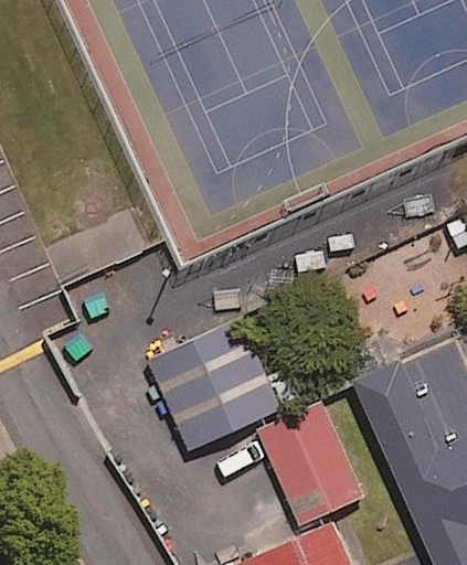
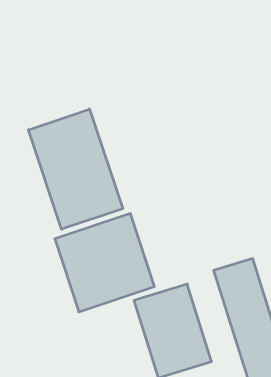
building: none -> [28,109,123,229]

